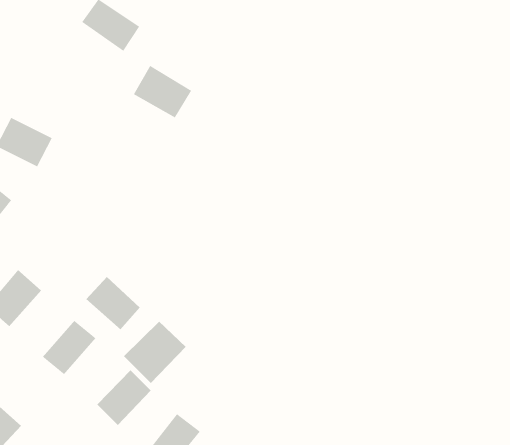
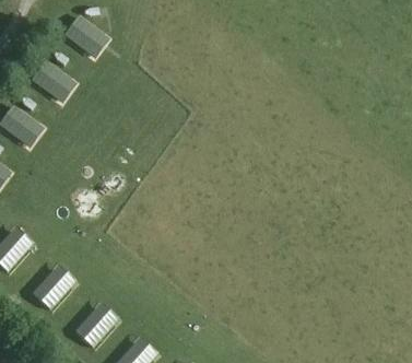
building: [133,65,192,119] -> [30,61,75,103]
building: [85,276,140,330] -> none
building: [123,321,186,384] -> none

